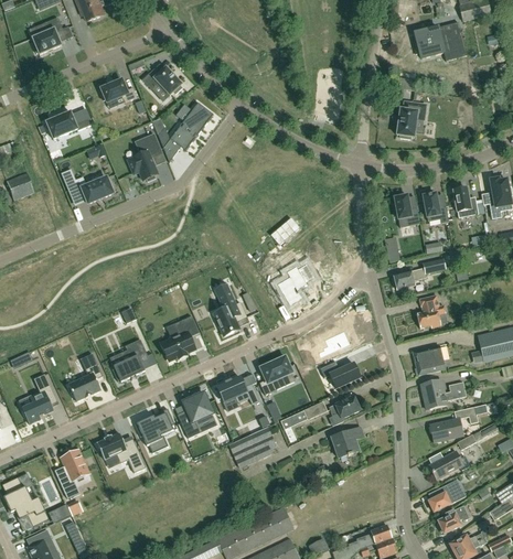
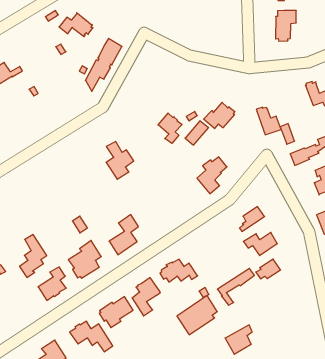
building: [99,79,137,103] -> none
building: [128,133,161,181] -> none
building: [61,169,114,203] -> none
building: [395,194,420,227] -> [256,107,281,135]
building: none -> [204,102,235,129]
building: none -> [158,113,182,143]
building: [214,290,247,335] -> [106,141,134,179]
building: [259,356,292,395] -> none
building: [23,374,57,423] -> [20,235,47,277]
building: [330,426,363,458] -> [225,325,252,354]

